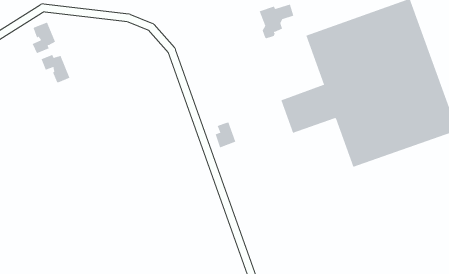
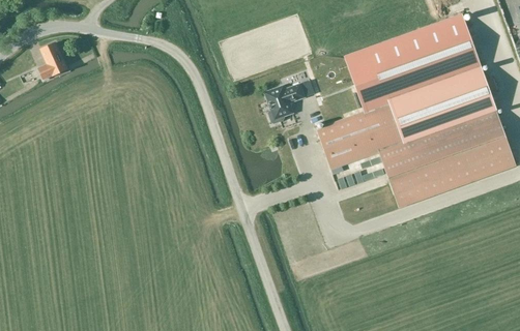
building: [259,4,294,39] -> [265,84,305,123]
building: [41,54,70,83] -> none

